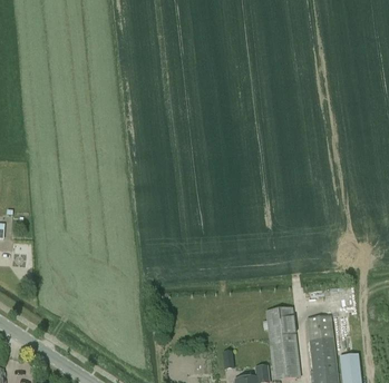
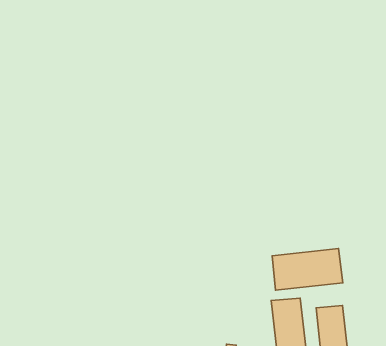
building: none -> [272,249,343,290]

